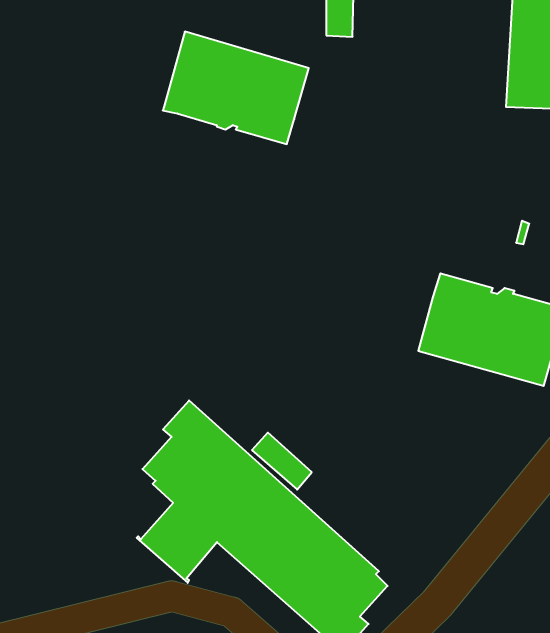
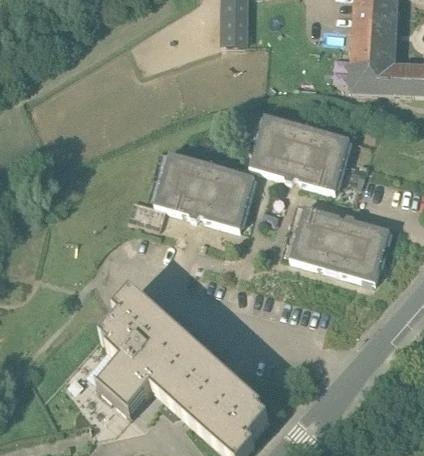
building: [163,32,309,144] -> [154,150,254,227]
building: none -> [250,113,349,190]

